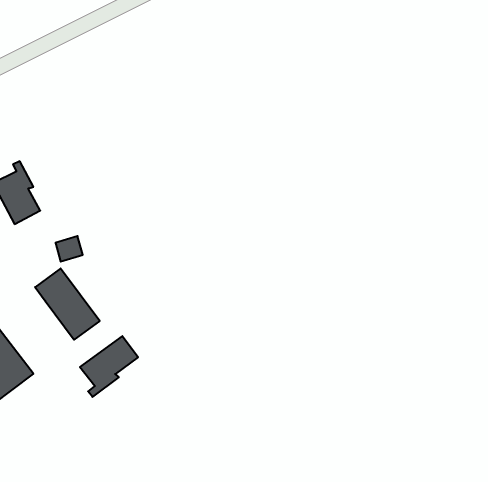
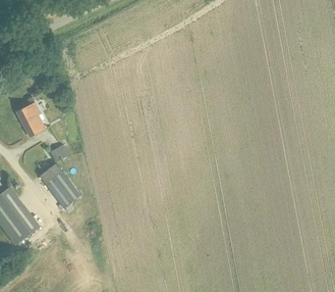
building: [80,336,138,397] -> none

